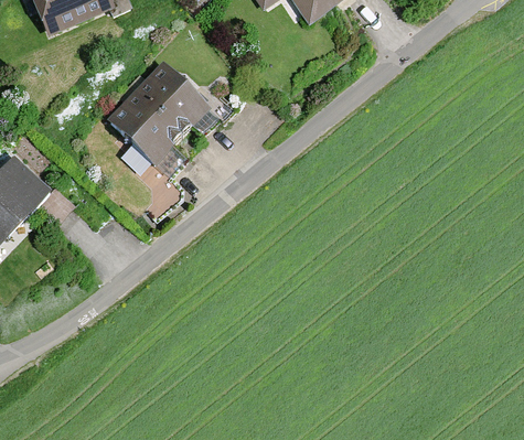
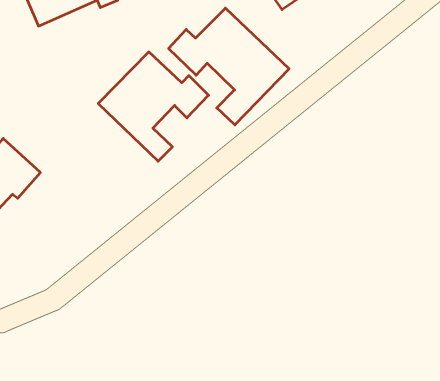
building: none -> [169,8,289,125]

